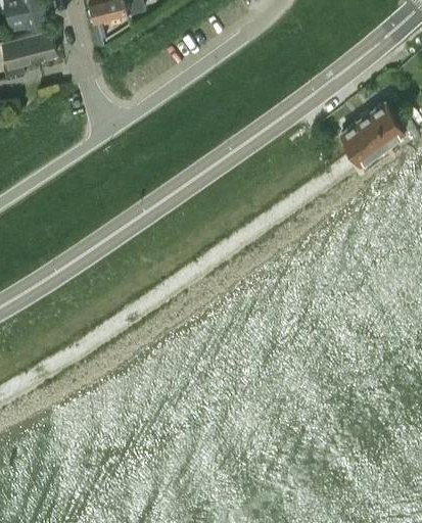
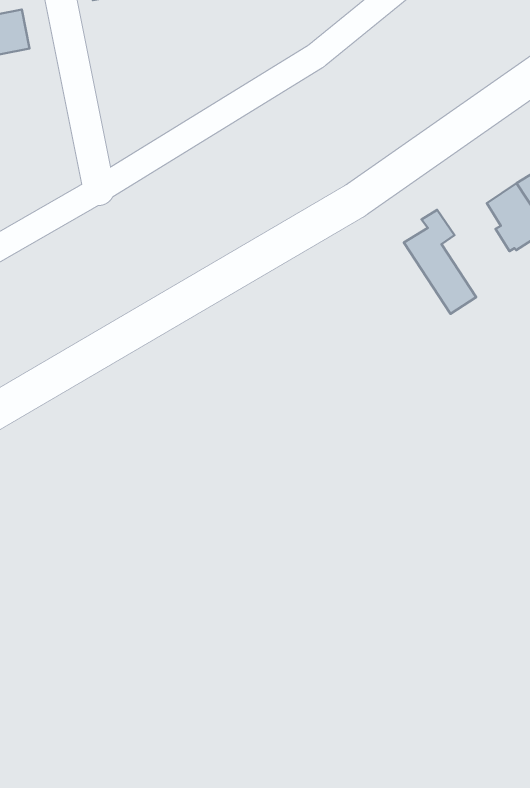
building: none -> [404,210,476,314]

